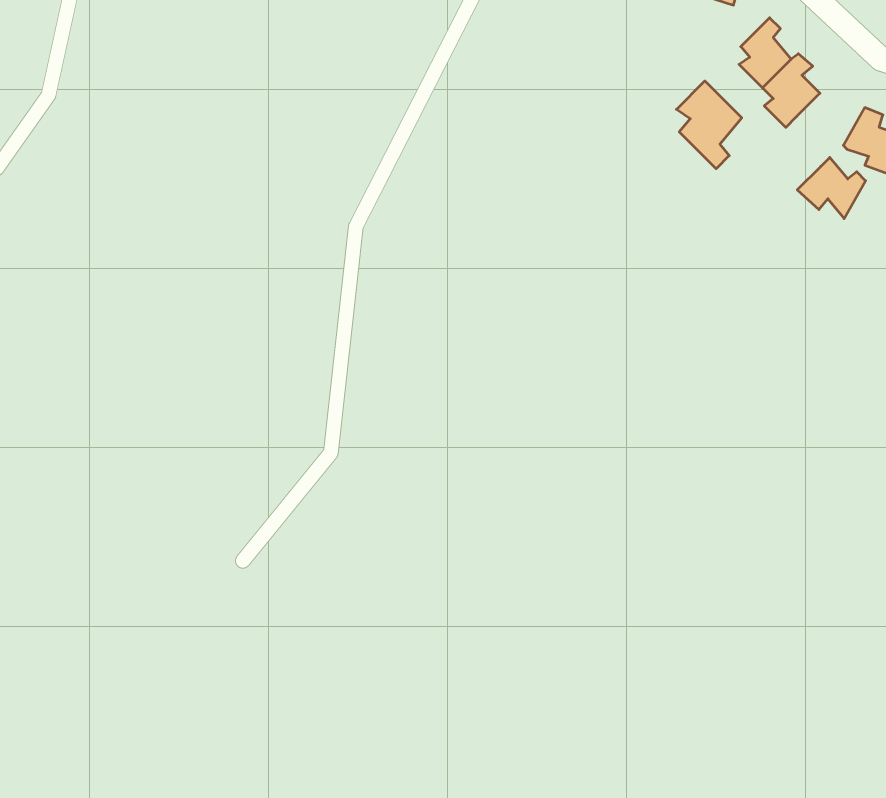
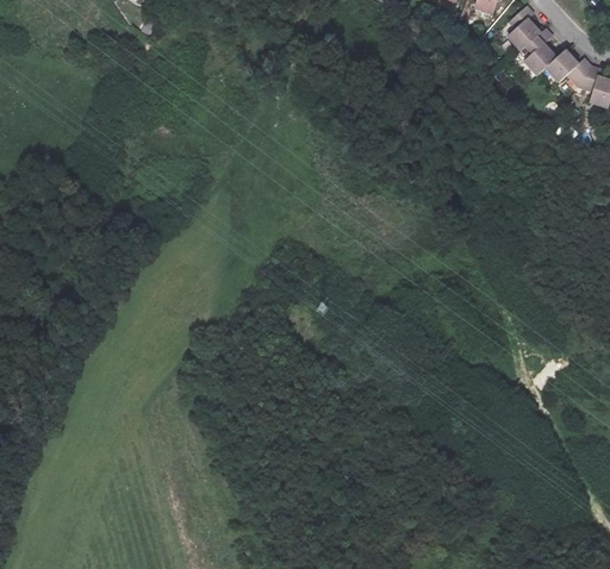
building: [676,81,742,169] -> none
building: [797,157,866,219] -> [547,58,592,99]

